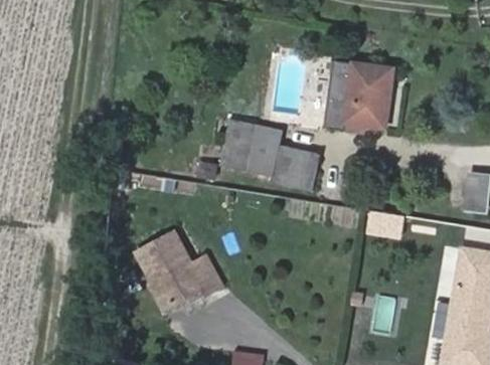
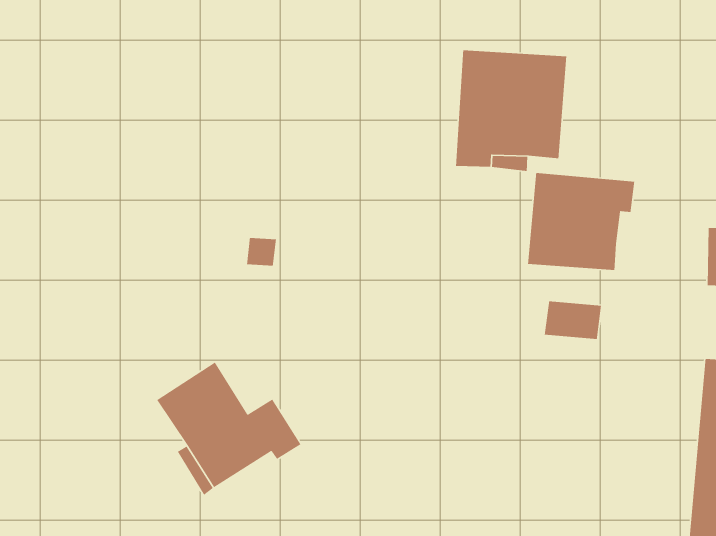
building: [218,120,321,191] -> none
building: none -> [527,172,635,271]

